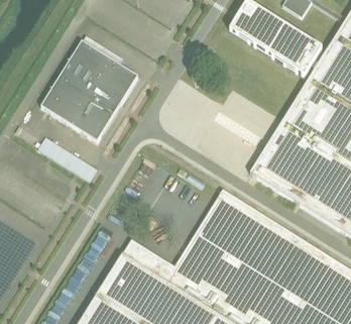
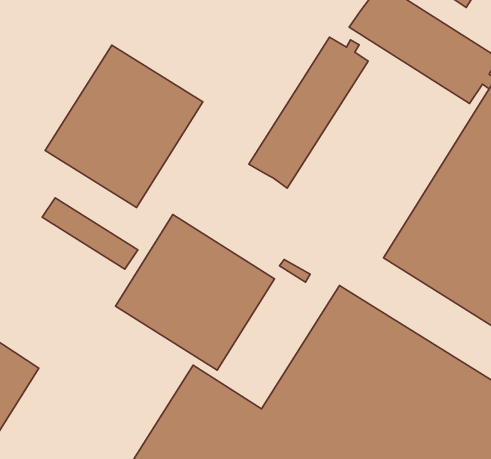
building: none -> [249,37,368,188]
building: none -> [115,214,275,370]

